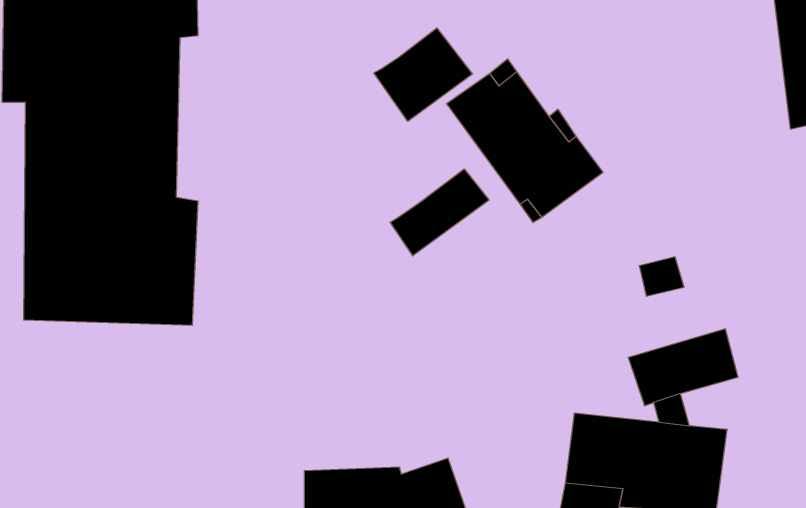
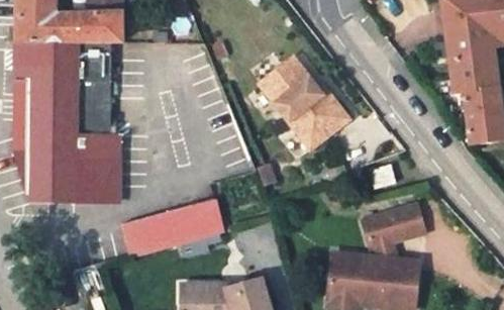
building: [374,28,472,121] -> none
building: [390,169,489,256] -> none
building: none -> [122,199,221,256]

